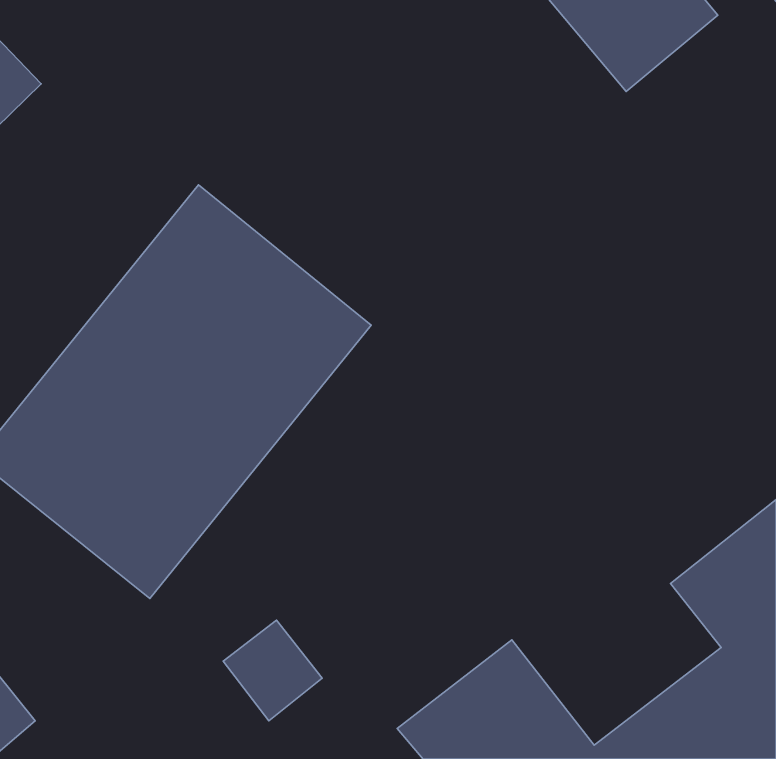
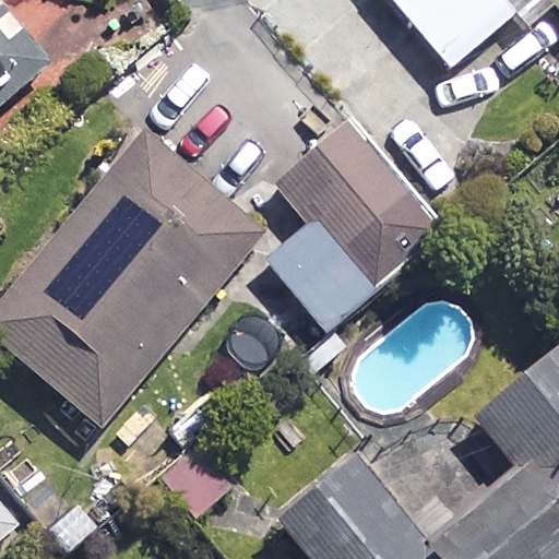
building: none -> [263,122,437,328]

